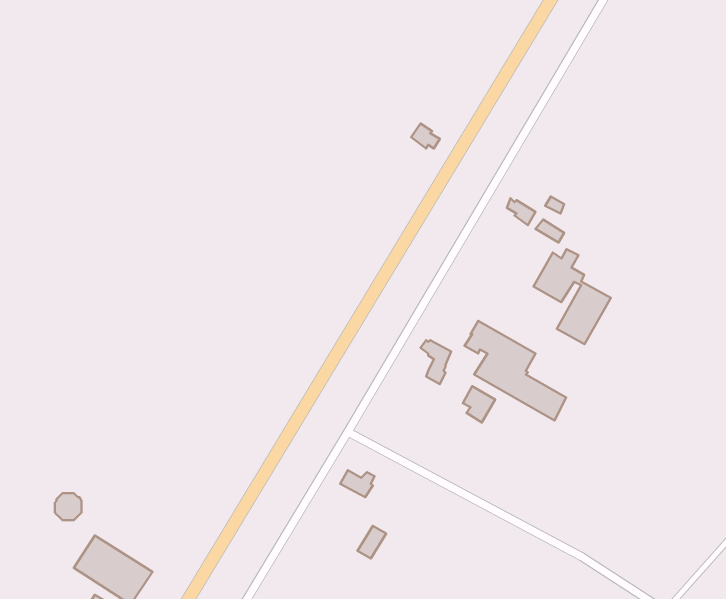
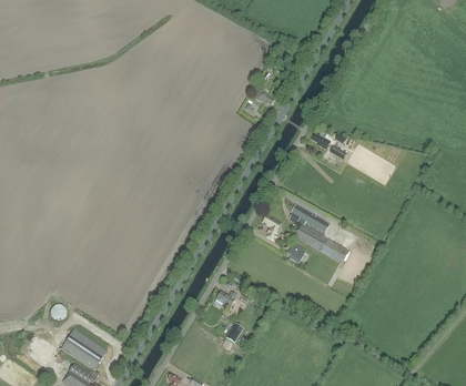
building: [533,249,611,344] -> none

